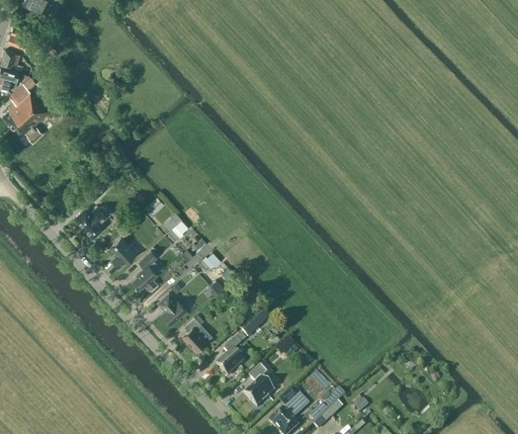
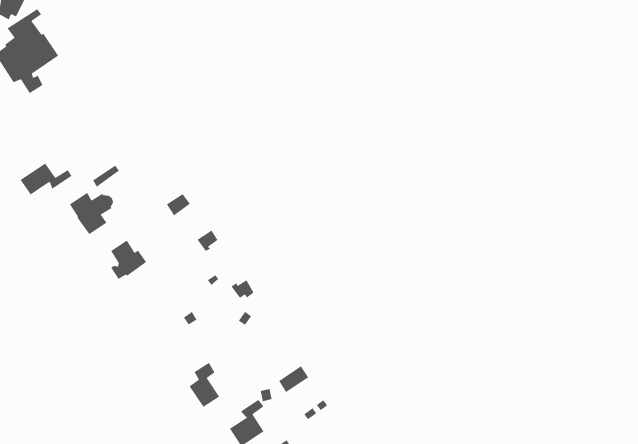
building: none -> [20,163,72,196]
building: [132,251,157,290] -> none
building: [158,292,186,325] -> none

